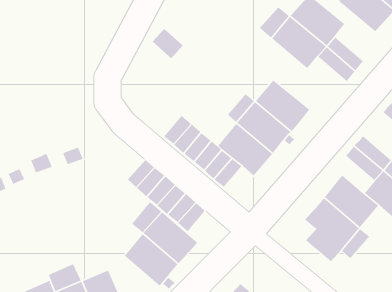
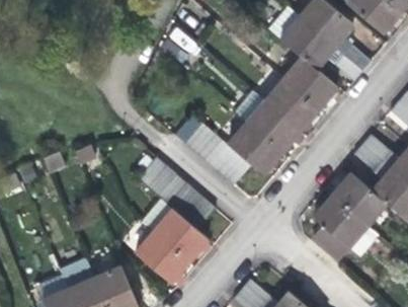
building: none -> [282,57,337,108]

